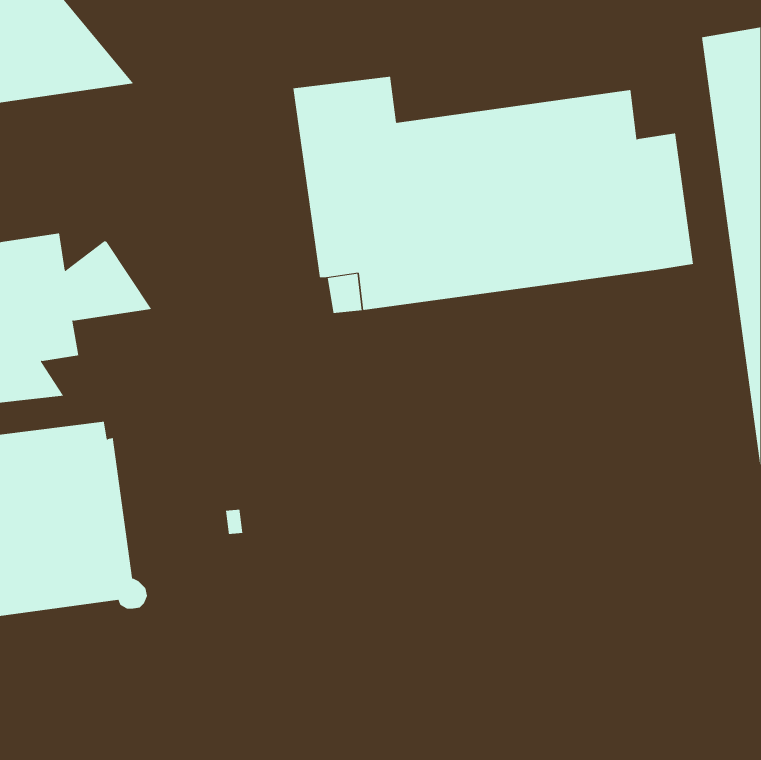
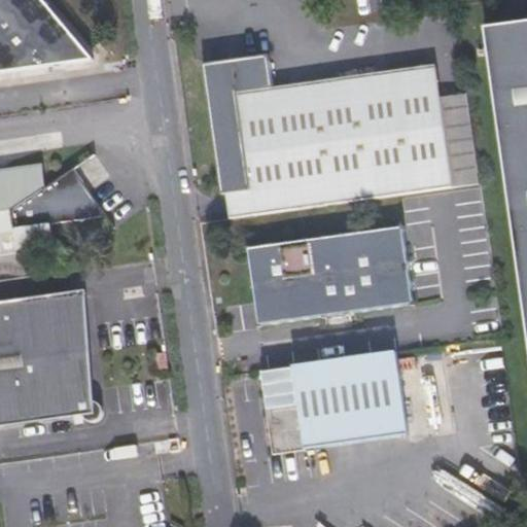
building: none -> [243,221,416,326]
building: none -> [259,350,409,451]

